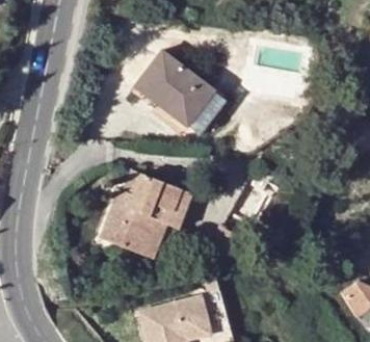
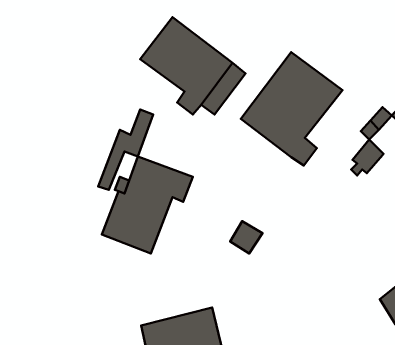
building: none -> [241,52,343,166]
building: [144,188,192,258] -> [98,110,153,190]

